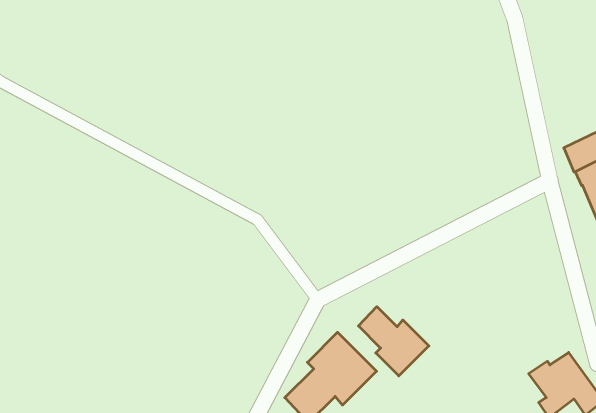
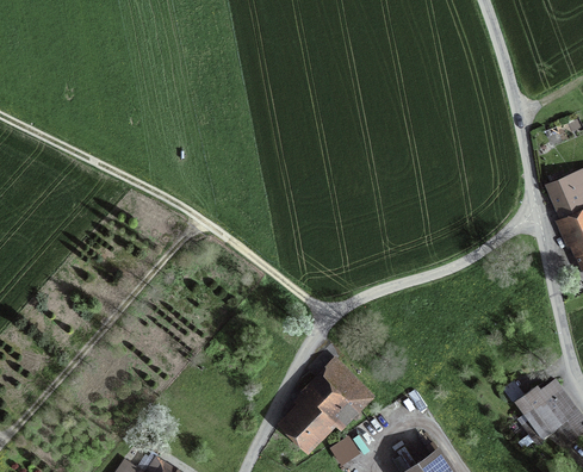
building: [358,307,429,376] -> none

